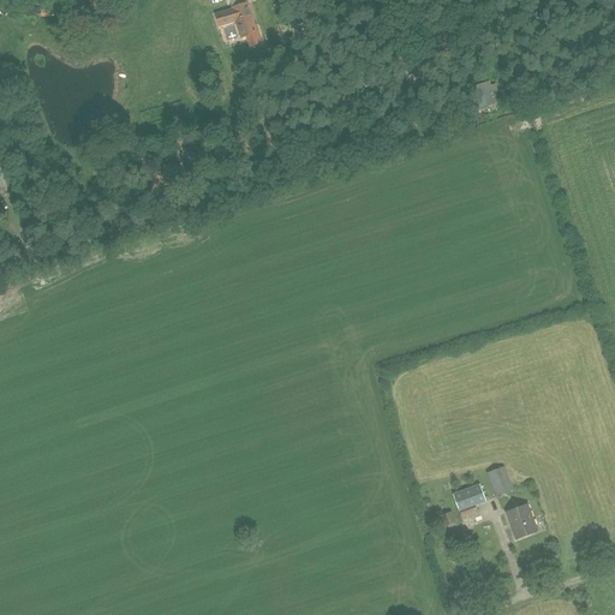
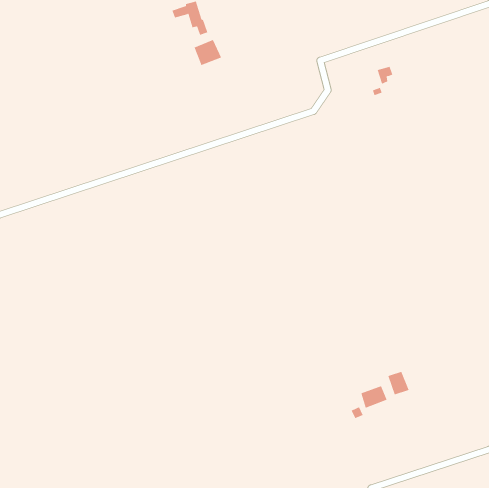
building: none -> [194,39,222,66]
building: [506,502,536,537] -> none

